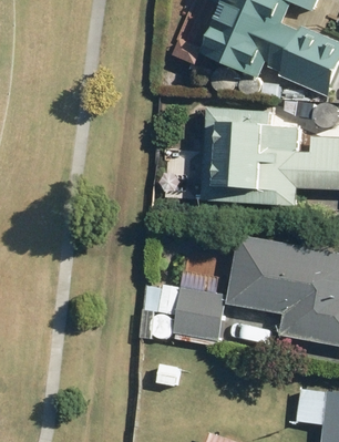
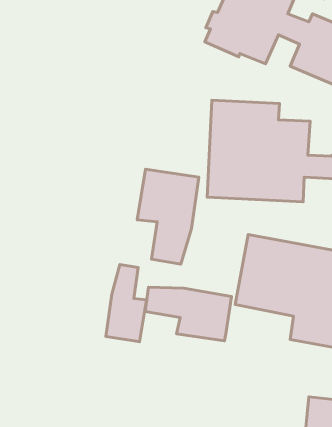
building: none -> [137,169,199,264]
building: none -> [106,264,146,342]

